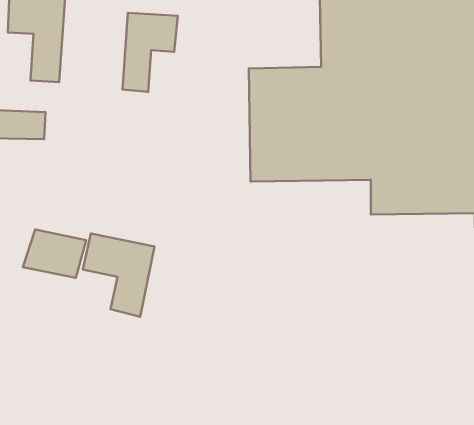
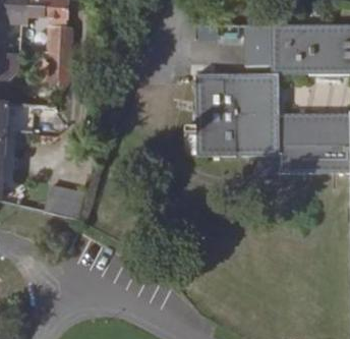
building: [123,13,178,92] -> none
building: [83,233,154,317] -> none

